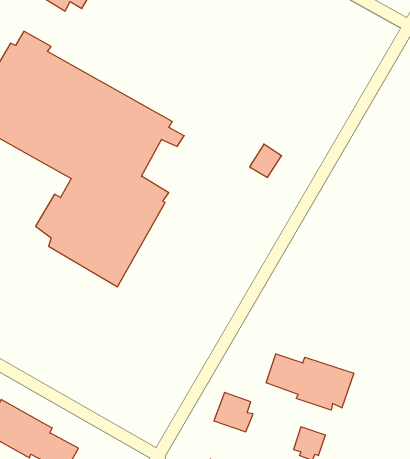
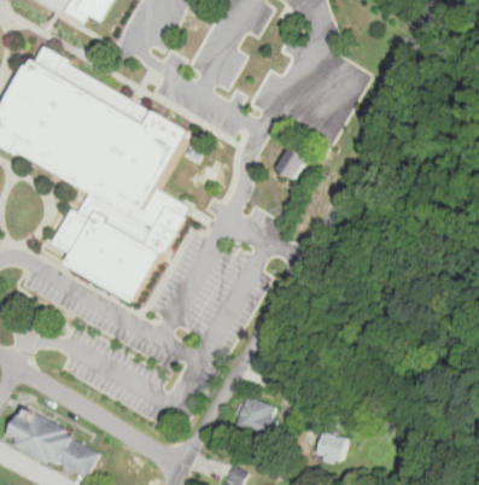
building: [266,354,354,410] -> none

